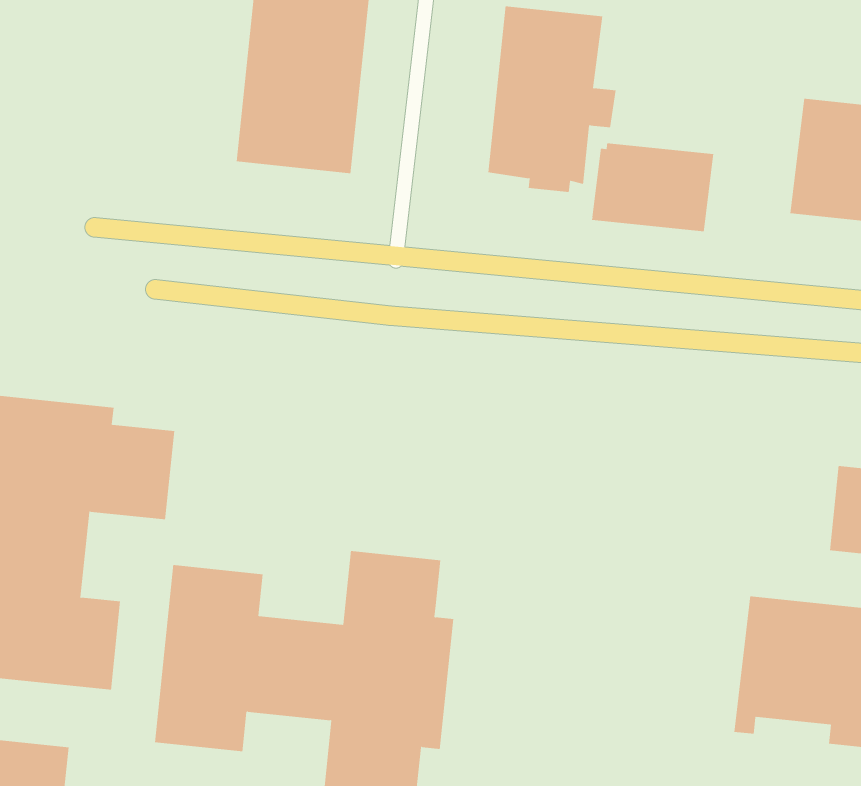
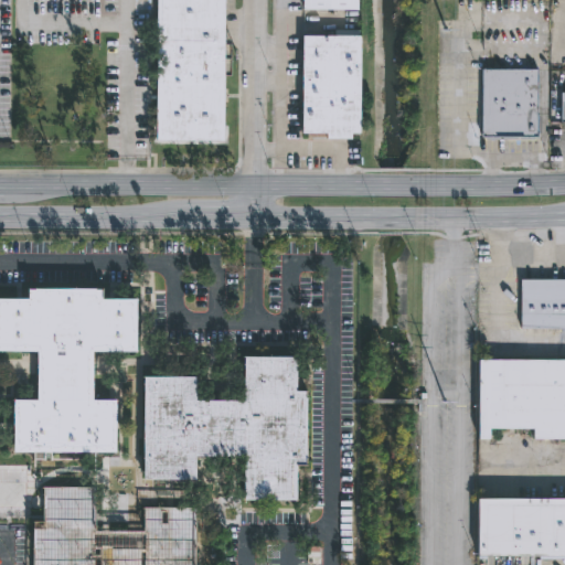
building: [592,142,714,232] -> none

